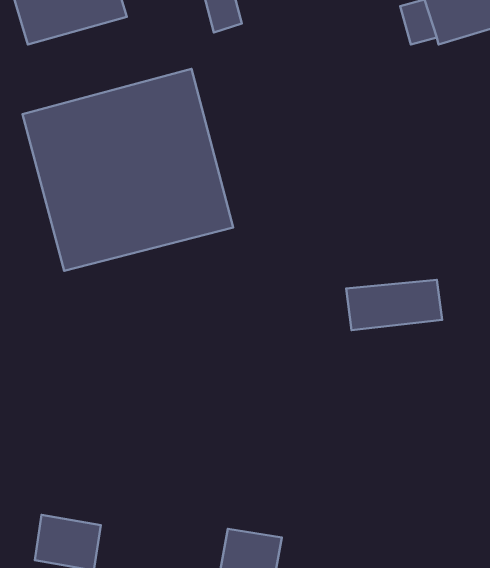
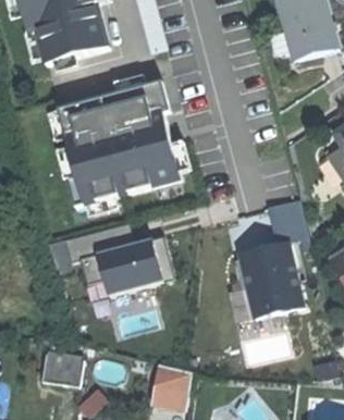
building: none -> [102,235,175,299]
building: none -> [234,240,311,323]

